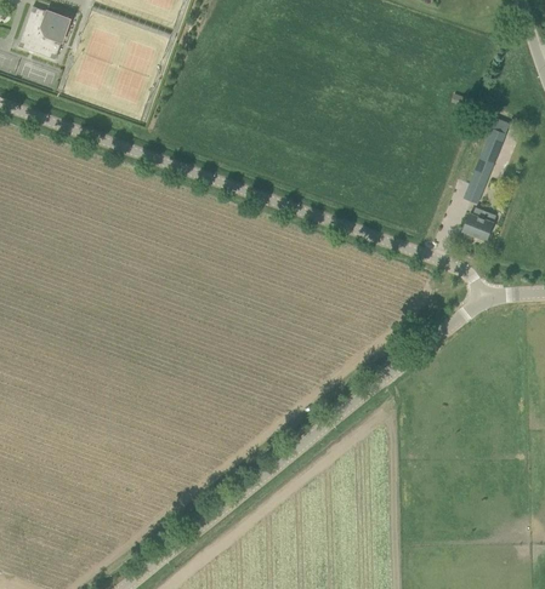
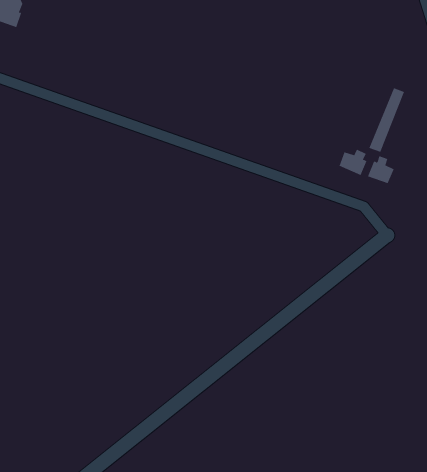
building: none -> [339,149,367,176]

